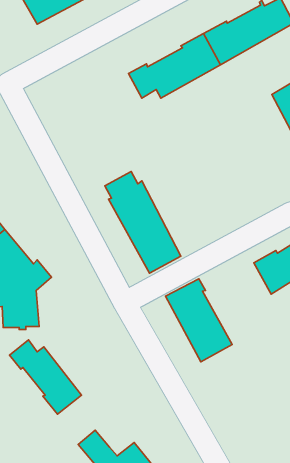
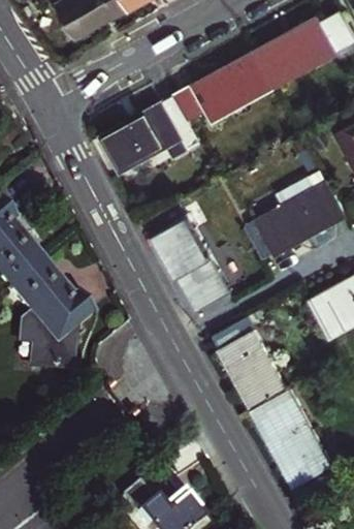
building: none -> [100,92,195,168]
building: none -> [246,178,346,255]
building: [9,340,82,414] -> none
building: none -> [254,385,334,485]

